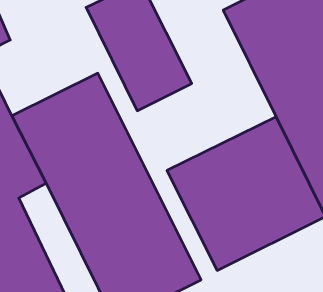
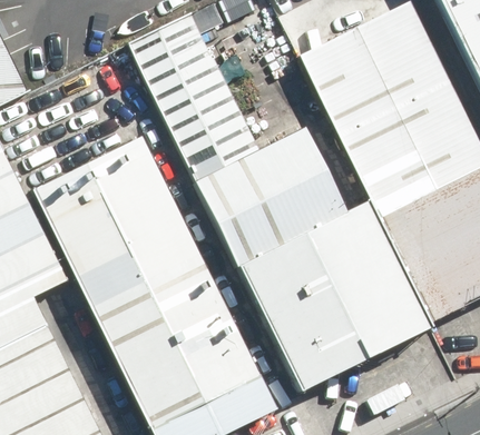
building: none -> [190,128,342,261]

